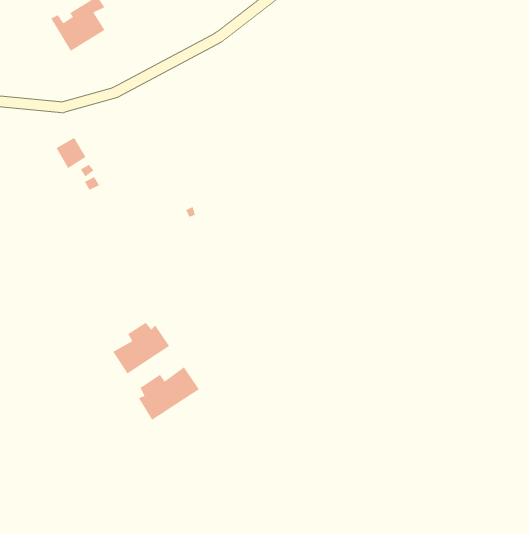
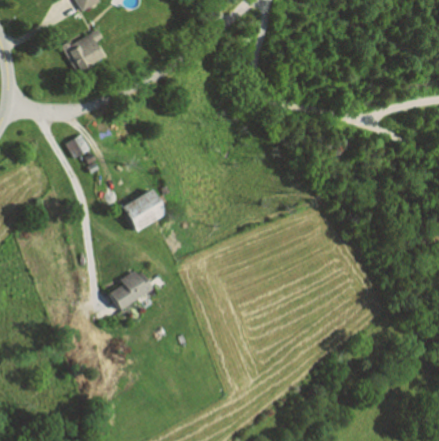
building: none -> [120,191,162,231]
building: [138,366,200,421] -> none

